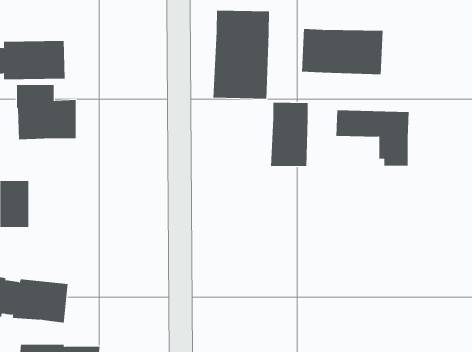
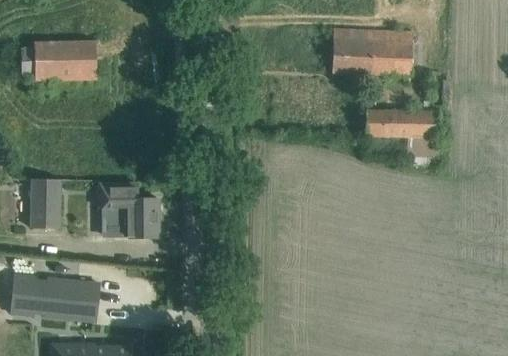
building: [213,10,270,99] -> none
building: [16,85,76,140] -> [99,183,159,238]
building: [271,102,308,167] -> none

